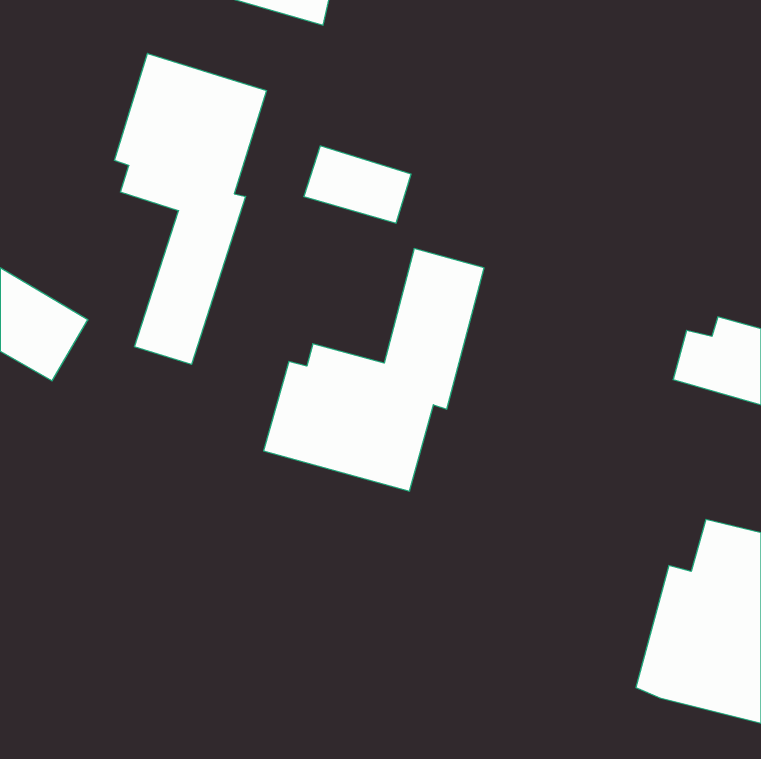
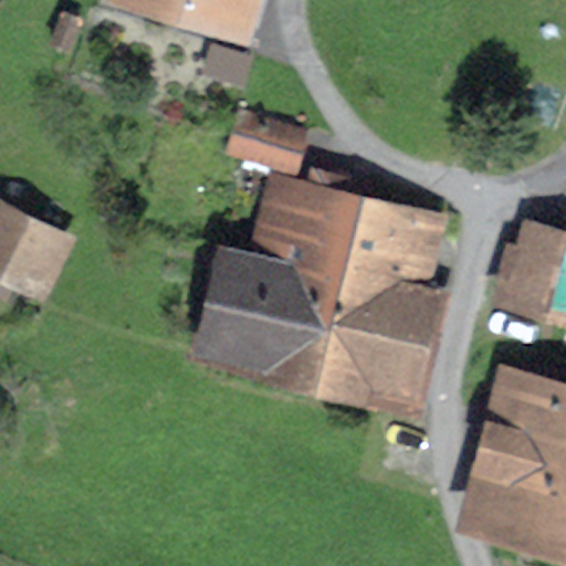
building: [115,53,266,364] -> none
building: none -> [304,199,446,396]

